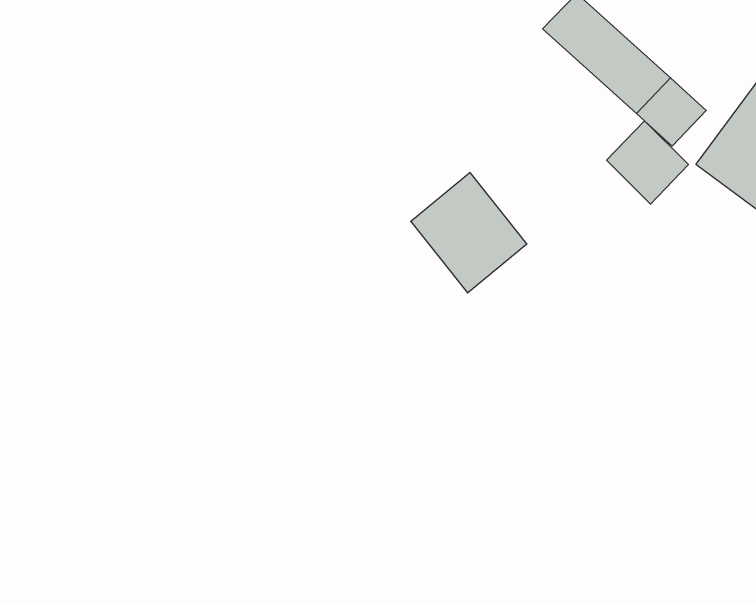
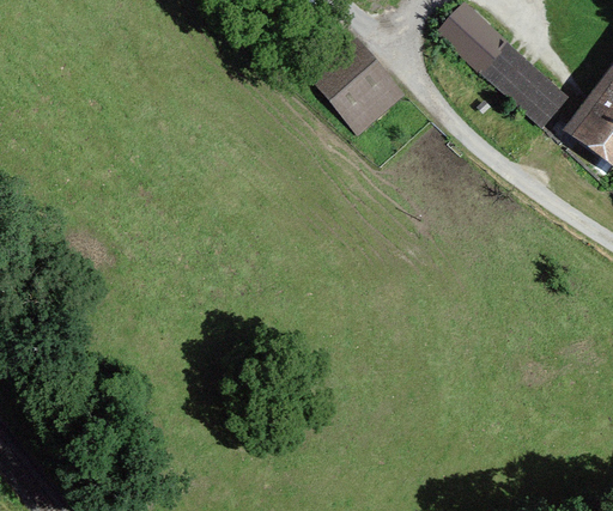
building: [607,121,688,204] -> none
building: [411,173,527,293] -> [305,44,399,141]

